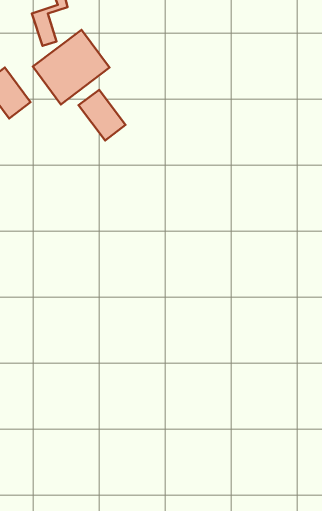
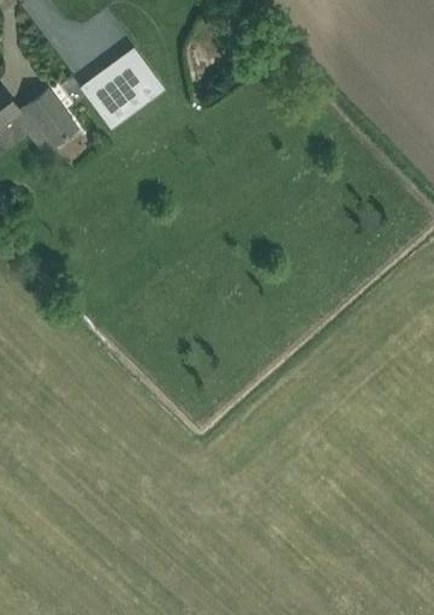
building: [79,90,126,140] -> none

